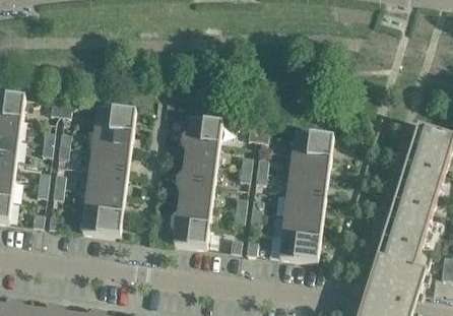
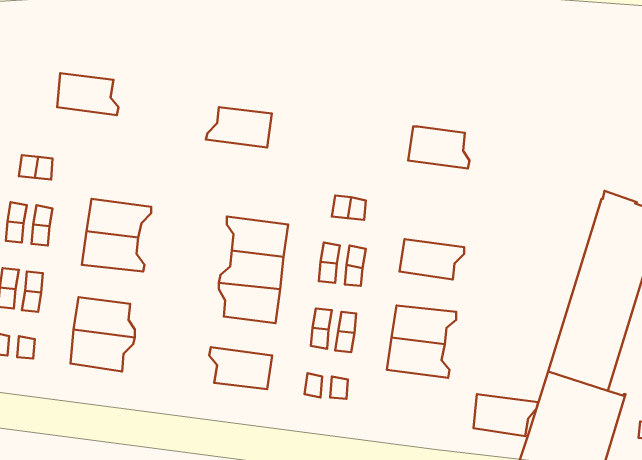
building: [95,107,134,133] -> [57,73,118,115]
building: [181,119,222,144] -> [206,107,272,148]
building: [293,132,331,159] -> [408,126,470,168]
building: [87,170,128,194] -> none
building: [287,174,326,199] -> none
building: [171,202,211,227] -> none
building: [279,236,320,262] -> [473,394,538,436]

